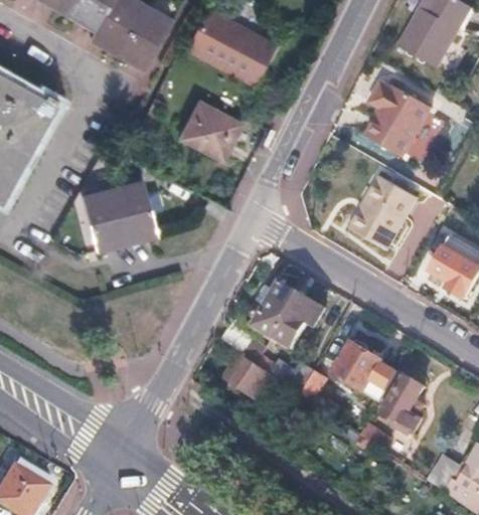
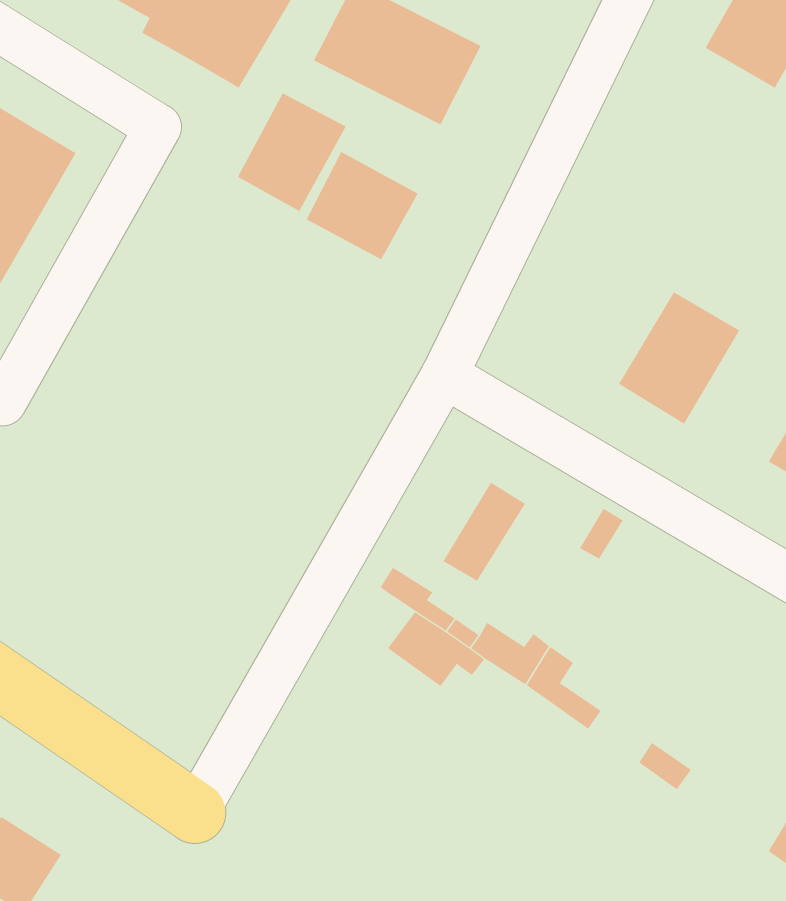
building: none -> [237,93,347,212]
building: [364,83,431,157] -> none
building: [83,180,156,252] -> none
building: [274,294,326,349] -> none
building: [333,342,400,402] -> none
building: [381,374,425,433] -> none

